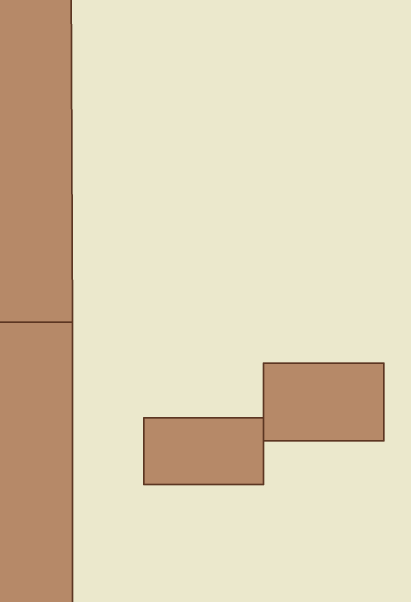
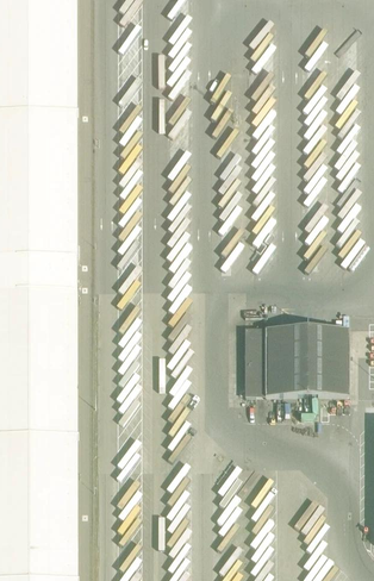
building: [144,418,264,485] -> none

